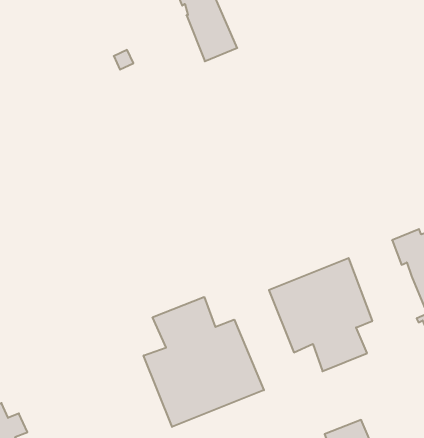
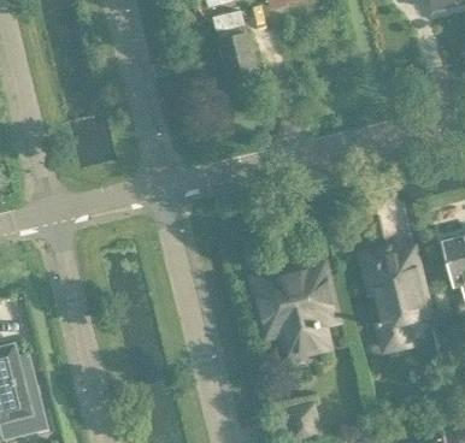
building: [144,297,264,427] -> none

